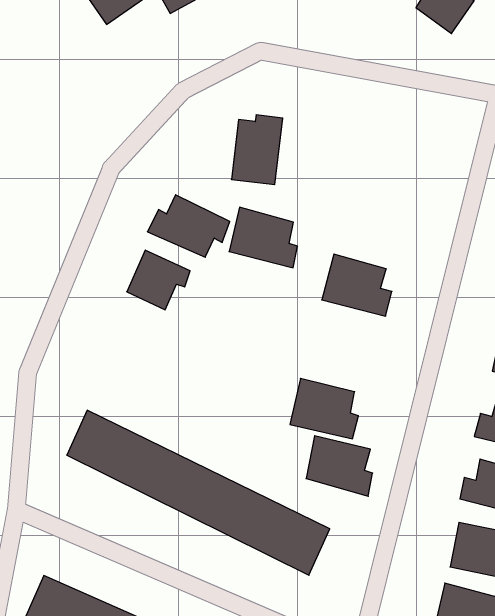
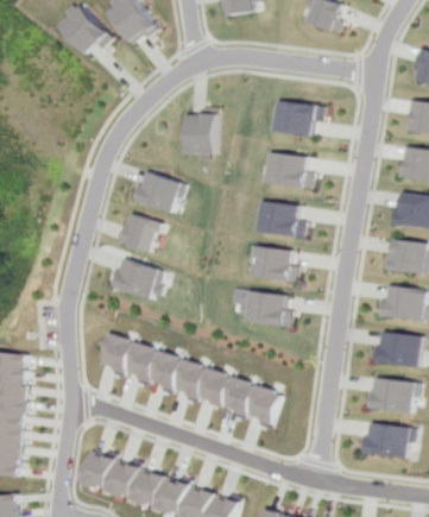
building: none -> [272,101,321,137]
building: [229,207,297,268] -> [265,151,313,189]
building: none -> [113,258,163,302]
building: [306,436,373,496] -> [253,246,299,284]

